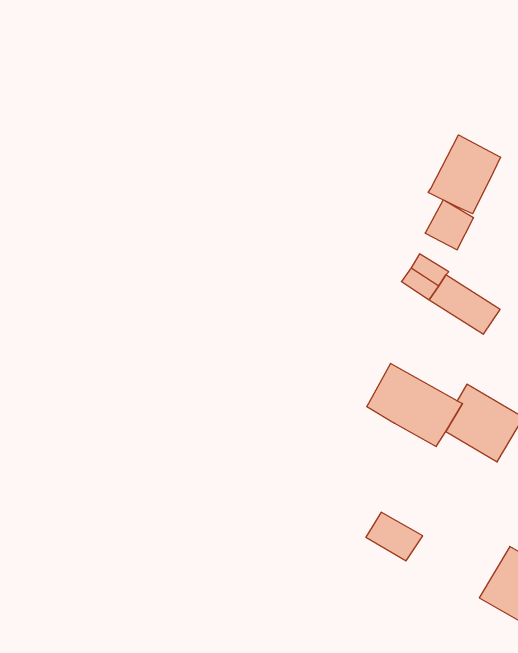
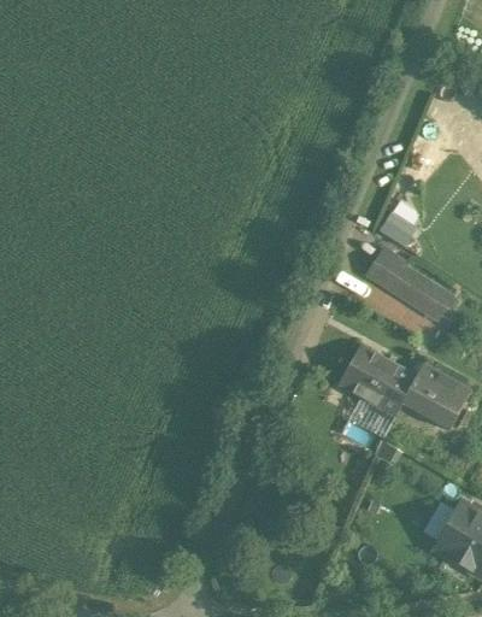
building: [428,135,501,214] -> none
building: [366,512,423,561] -> [346,395,395,437]

